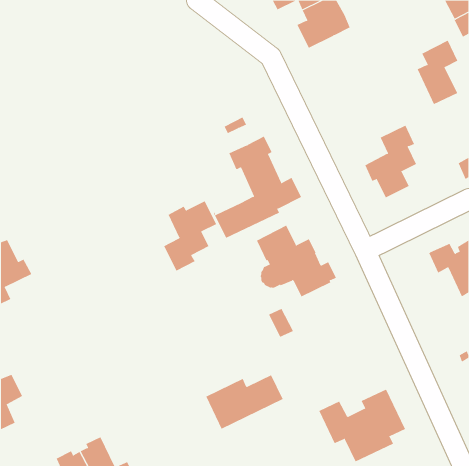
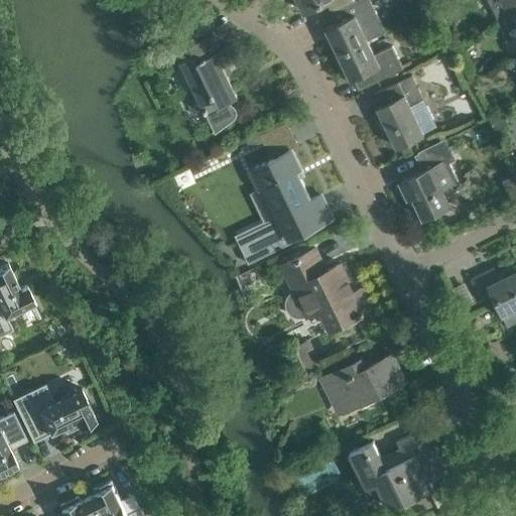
building: none -> [180,36,239,132]
building: none -> [339,42,403,89]
building: [417,40,458,105] -> [378,78,423,149]
building: [163,201,217,272] -> none
building: none -> [12,386,96,444]
building: [206,375,284,430] -> [319,356,405,416]

